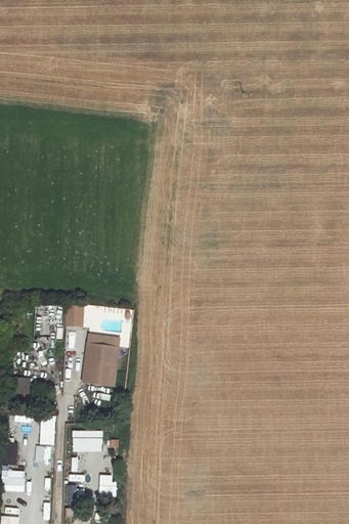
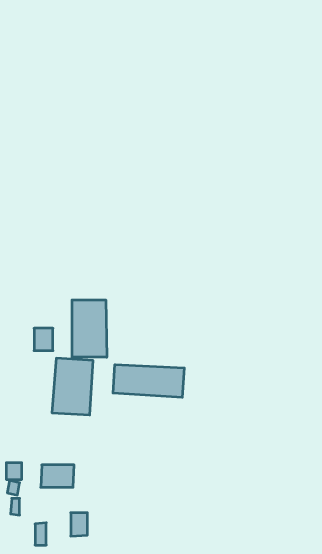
building: none -> [72,300,107,357]
building: none -> [113,365,184,397]

